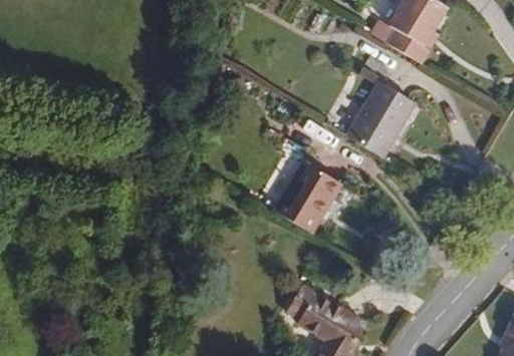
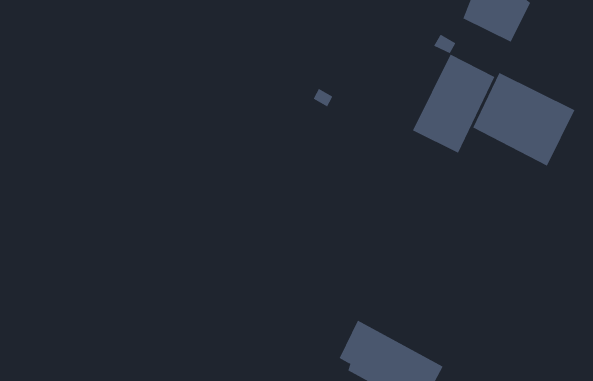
building: none -> [472,72,575,167]
building: [272,159,338,232] -> none

